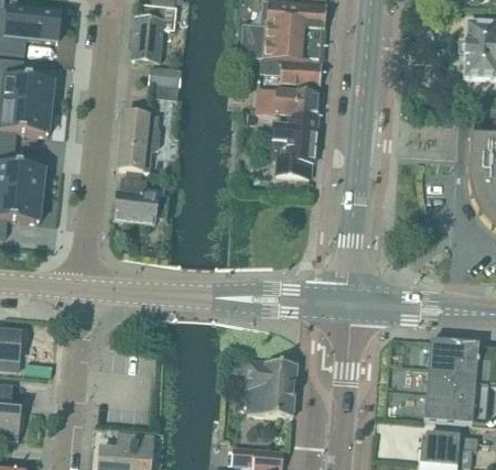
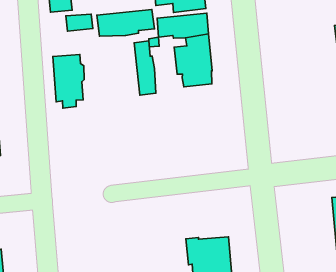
building: none -> [97,10,154,36]
building: none -> [134,41,156,95]
building: [114,176,169,223] -> none

